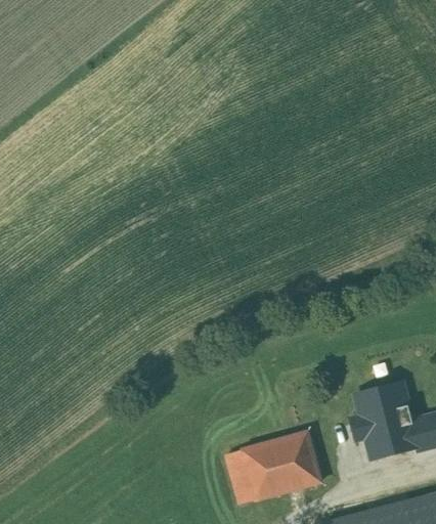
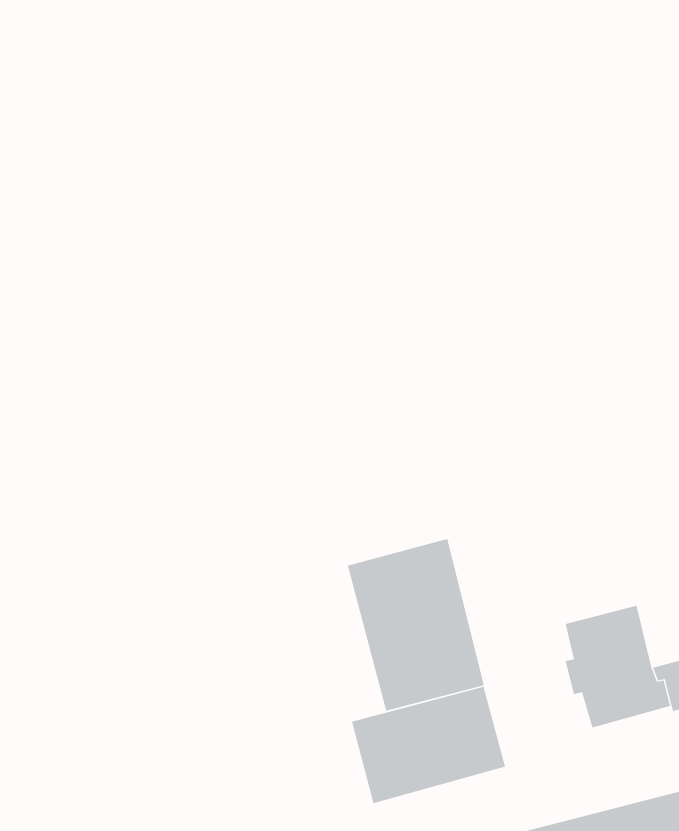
building: none -> [347,538,485,712]

